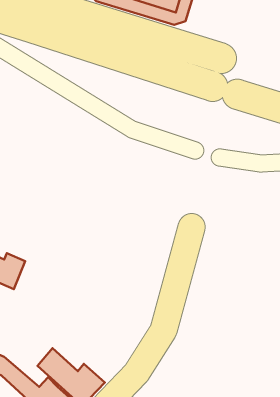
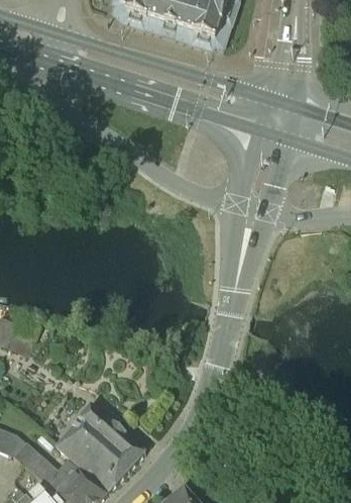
building: none -> [72,405,144,465]

